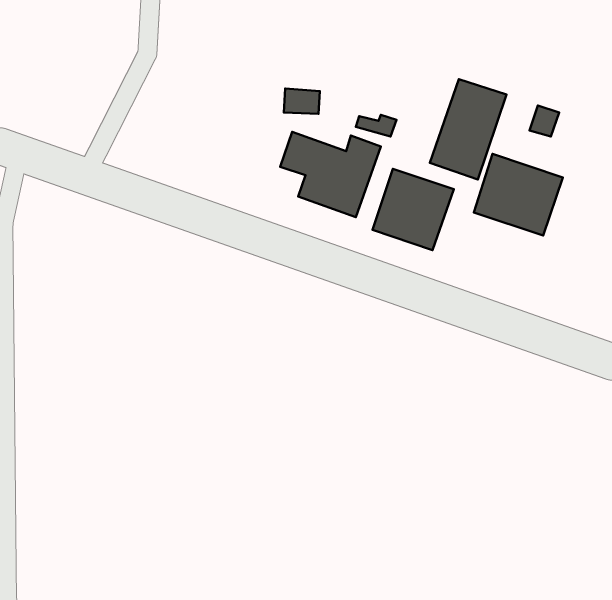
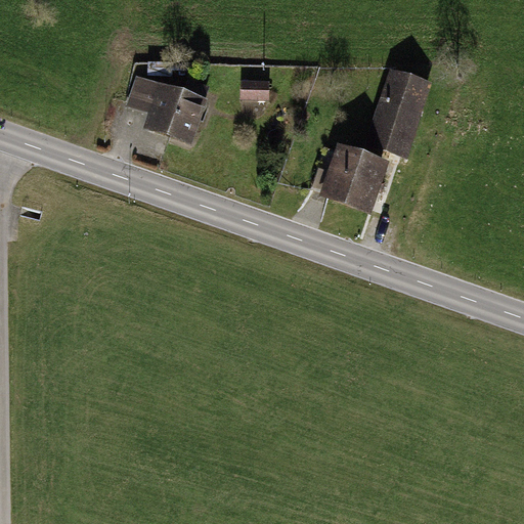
building: [280,132,381,217] -> [126,73,212,145]
building: [474,154,563,236] -> none

